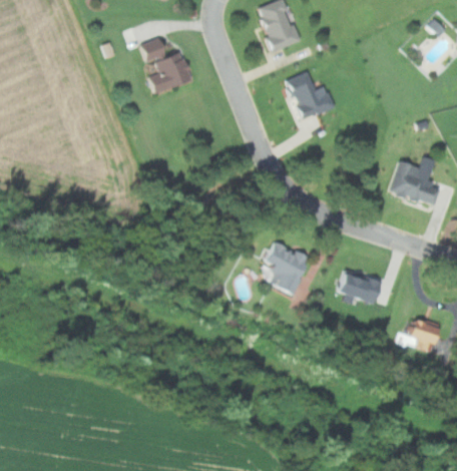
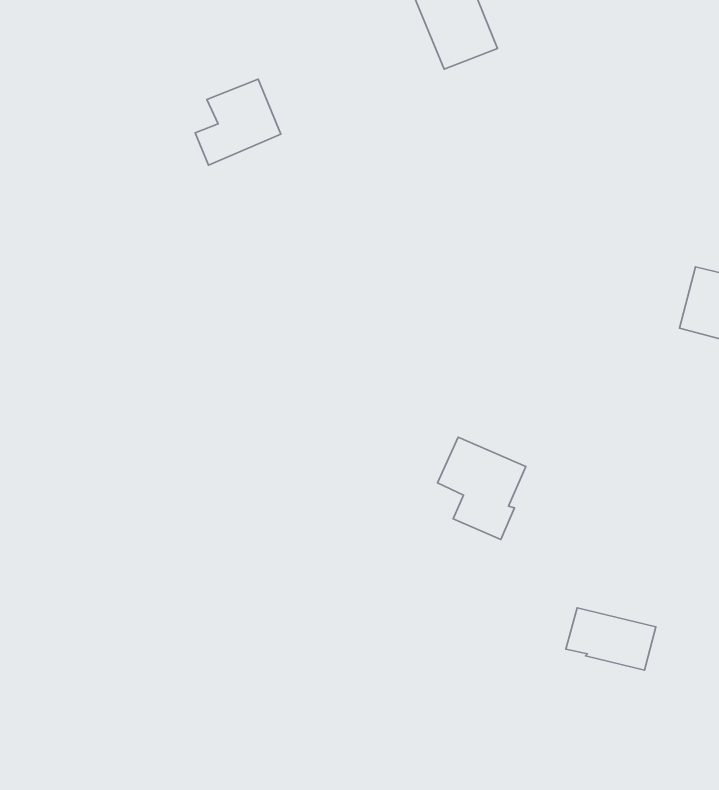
building: [136,38,162,62] -> none
building: [282,71,333,119] -> none
building: [333,271,380,305] -> [566,608,656,670]

